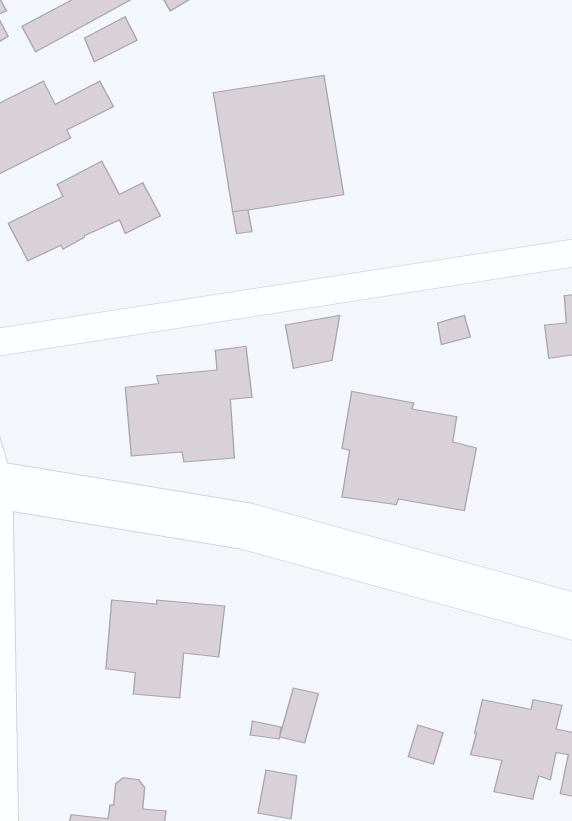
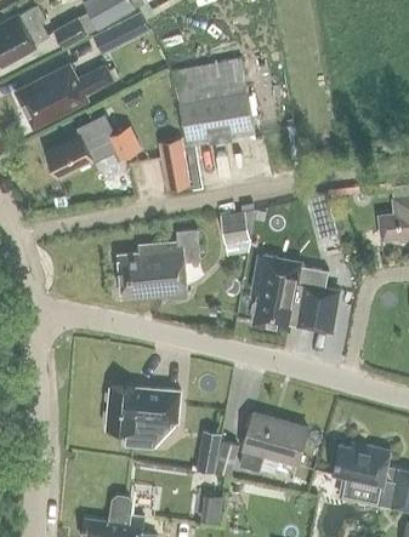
building: none -> [161,154,189,190]
building: none -> [240,413,307,472]

